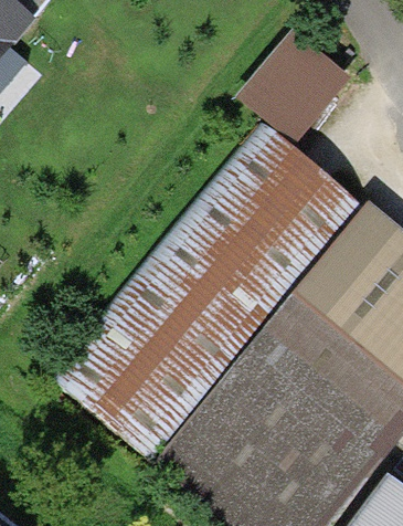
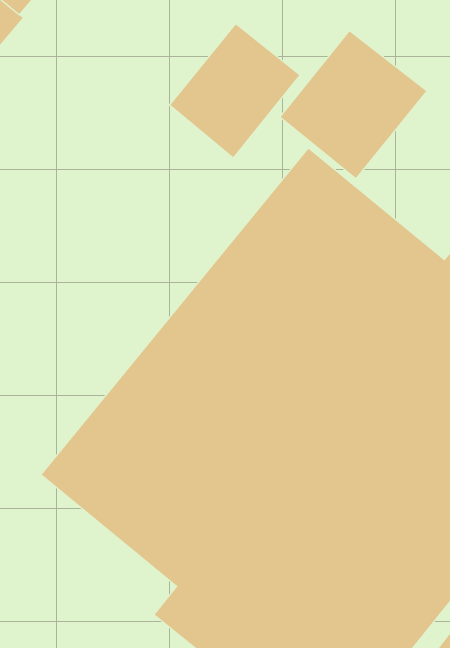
building: none -> [170,23,300,158]

